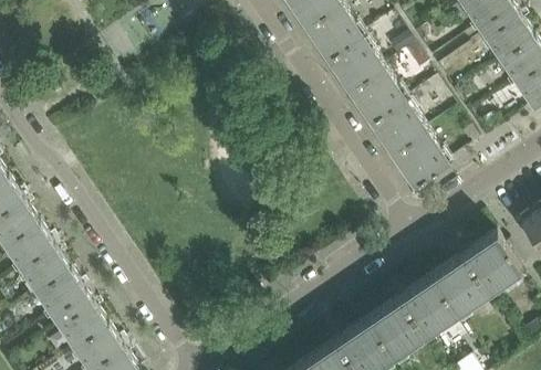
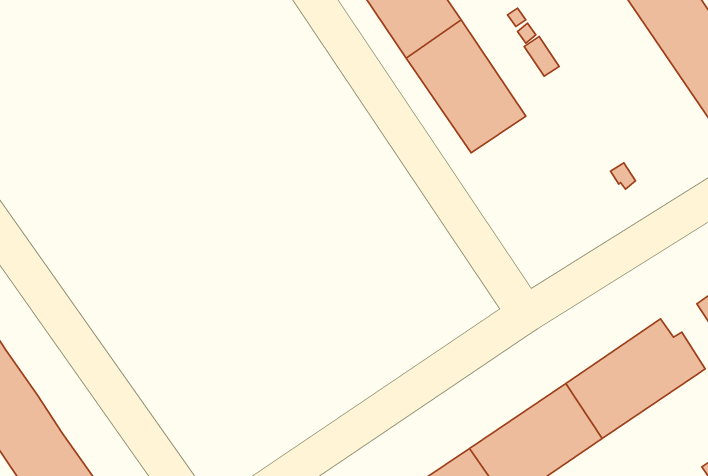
building: [370,99,454,188] -> none

